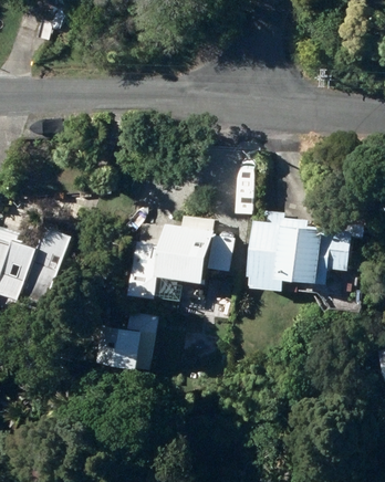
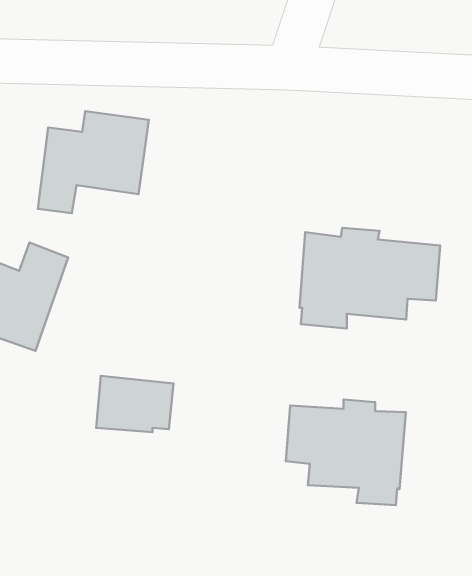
building: [127,221,210,297] -> [38,111,149,213]
building: none -> [286,400,406,505]

